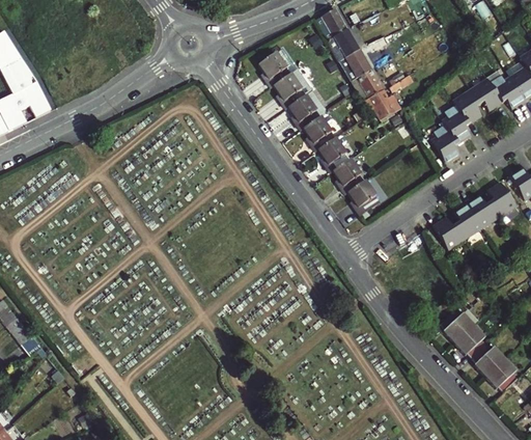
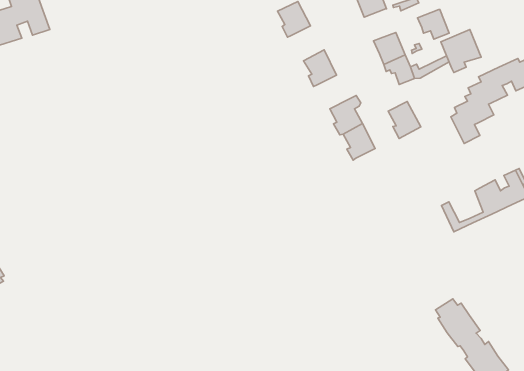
building: [339,49,370,77] -> [418,9,449,39]
building: none -> [441,29,481,72]
building: [274,74,306,108] -> none
building: [304,116,335,150] -> none
building: [348,180,381,215] -> [388,101,421,138]
building: [440,207,473,238] -> none

